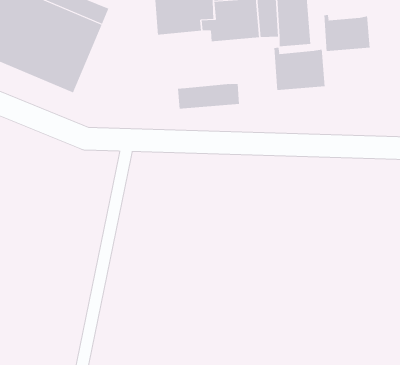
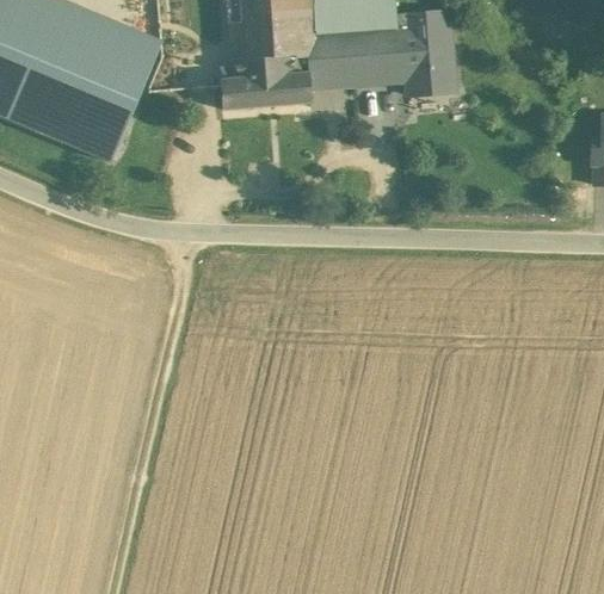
building: [324,14,370,52] -> none
building: [274,47,325,91] -> none
building: [177,84,240,109] -> [220,72,310,109]

